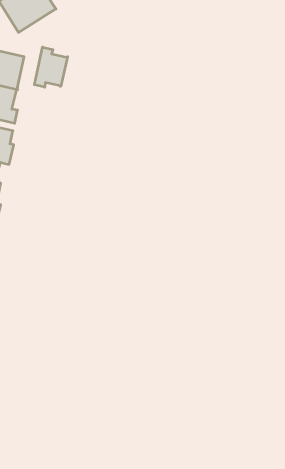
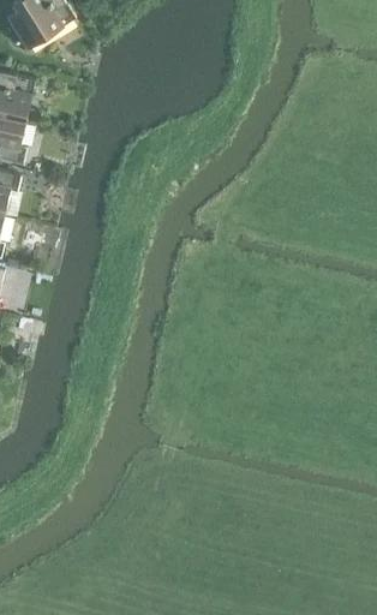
building: [34,47,68,87] -> none

